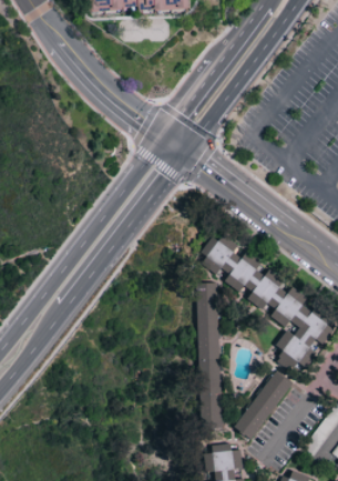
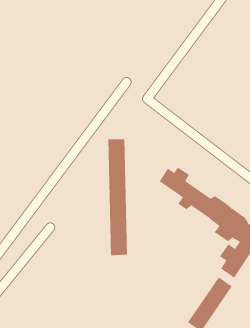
building: [196,284,222,429] -> [107,139,128,256]

